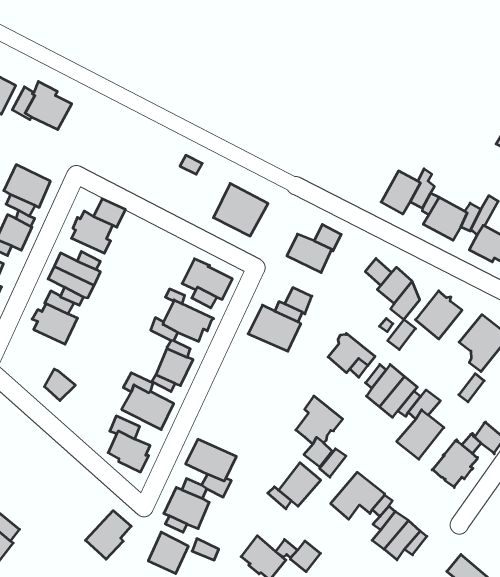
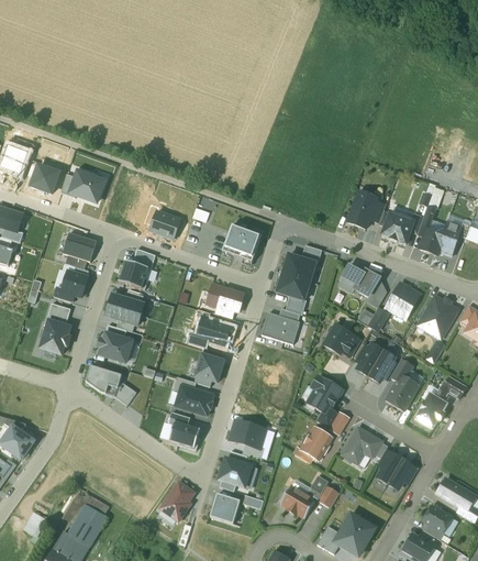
building: none -> [149,210,181,240]
building: none -> [277,272,310,299]
building: none -> [86,365,122,396]

